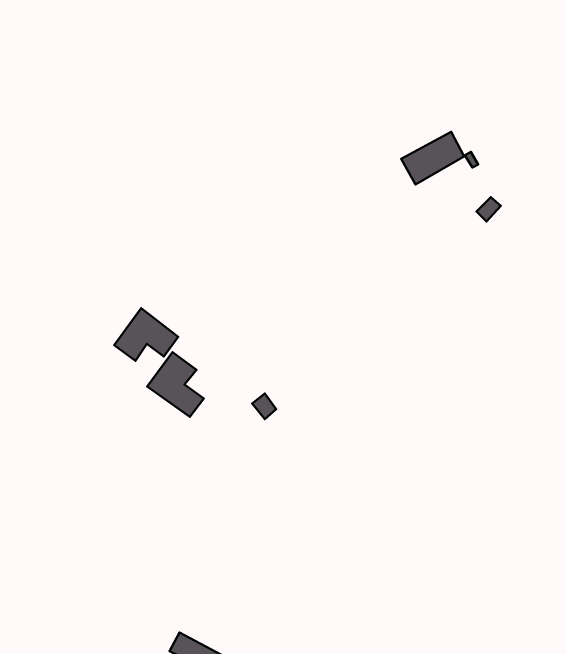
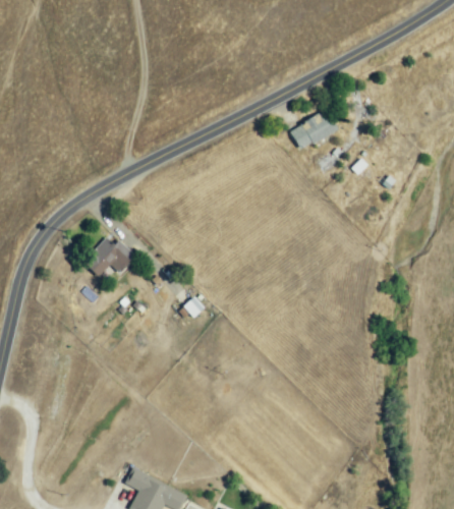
building: [147,352,204,417] -> none

